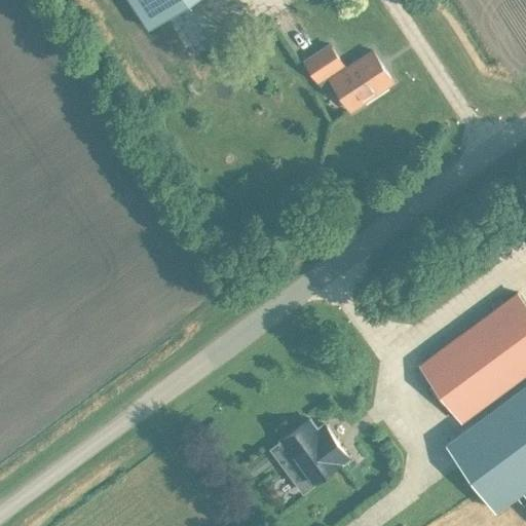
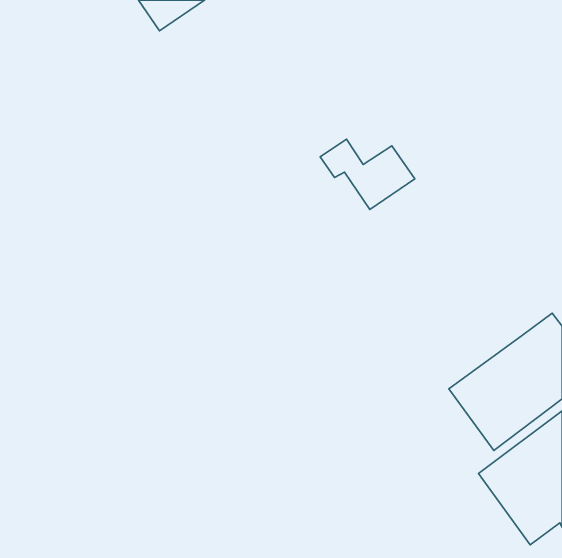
building: [304,47,392,113] -> [320,139,415,210]
building: [272,421,348,487] -> none

